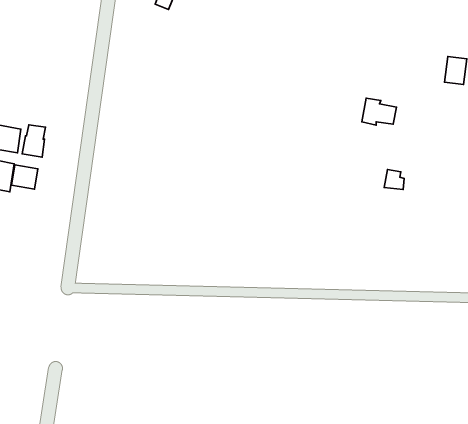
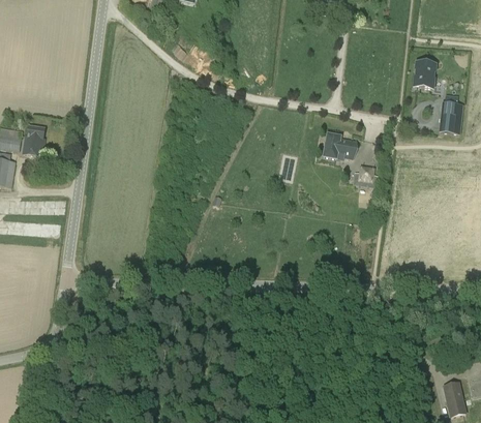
building: [362,98,396,125] -> [322,131,354,156]
building: [12,165,38,189] -> none

